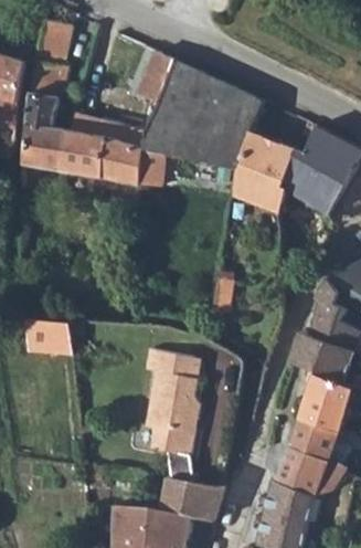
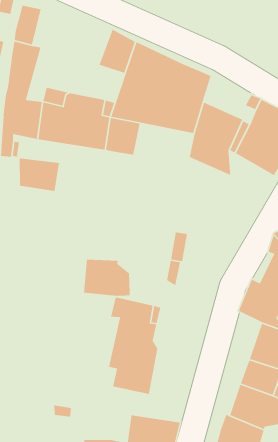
building: none -> [19,158,60,192]
building: none -> [83,259,130,296]
building: [29,318,72,357] -> none

